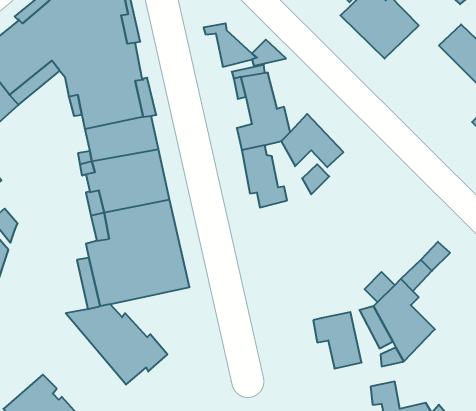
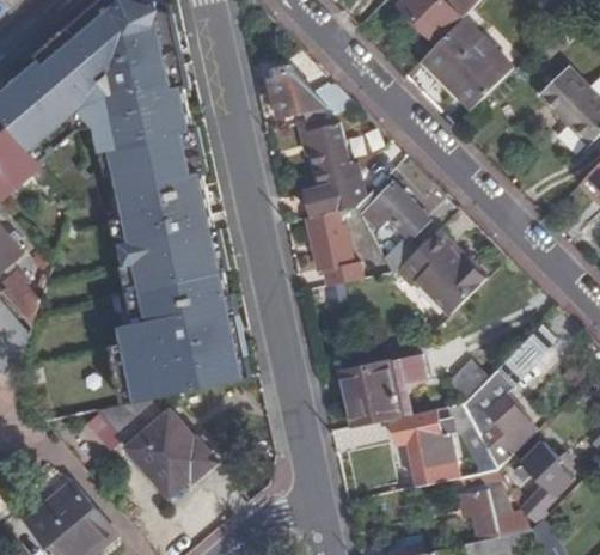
building: none -> [398,226,488,309]
building: none -> [342,355,427,426]
building: none -> [509,443,571,522]

